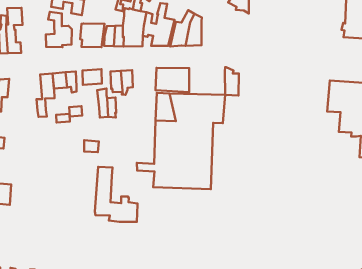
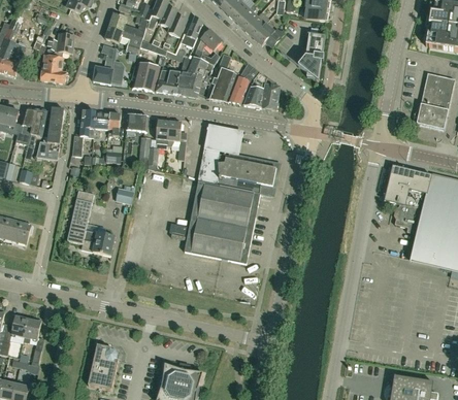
building: [225,67,239,96] -> [261,76,280,109]
building: none -> [36,106,64,159]
building: [95,167,138,222] -> [67,189,114,255]

